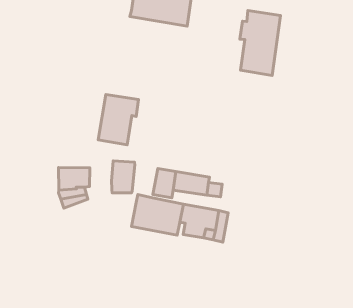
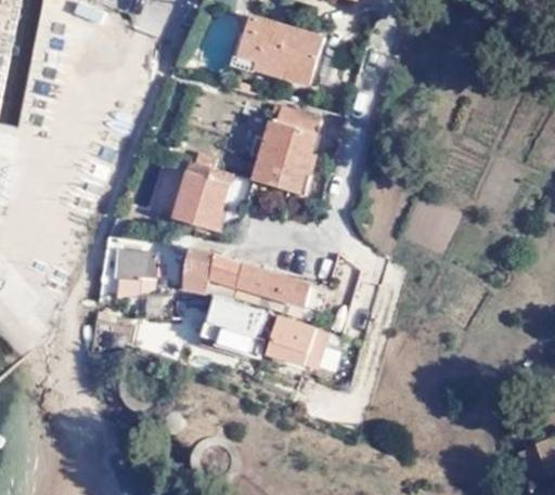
building: [240,10,281,76] -> [258,105,319,193]
building: none -> [208,256,245,297]

